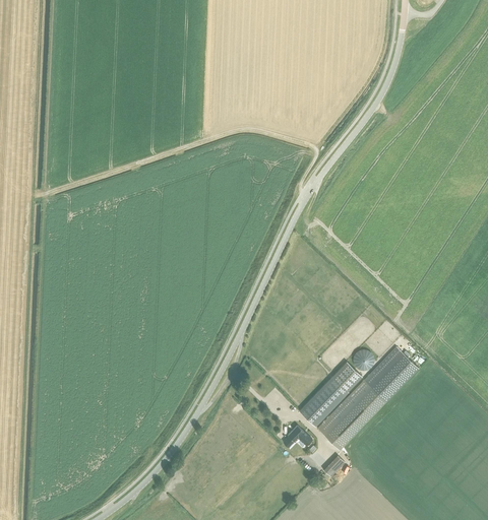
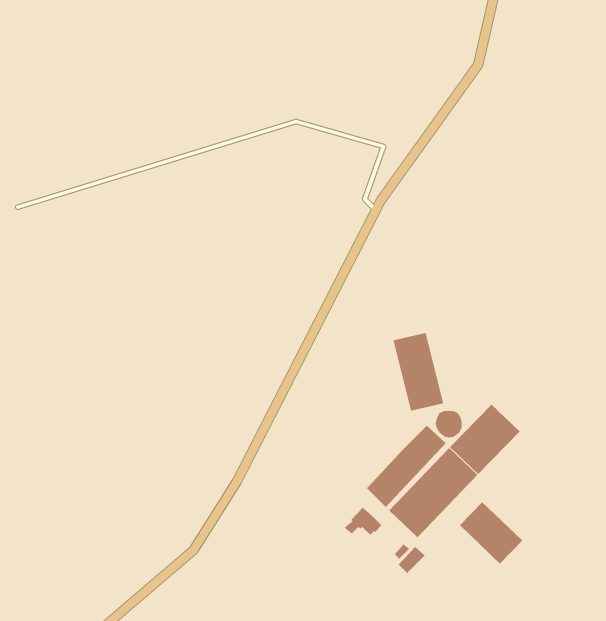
building: none -> [393,332,444,412]
building: none -> [459,501,523,564]

